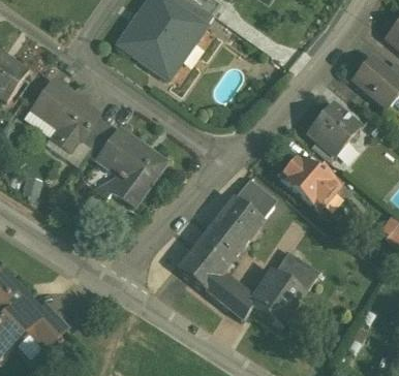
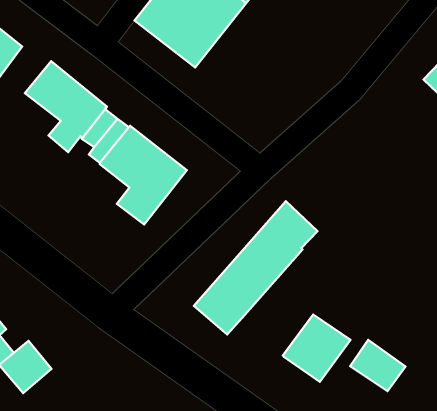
building: [307,102,361,156] -> none
building: [280,156,338,209] -> none
building: [274,250,318,290] -> [350,340,405,391]
building: [206,275,253,320] -> none

